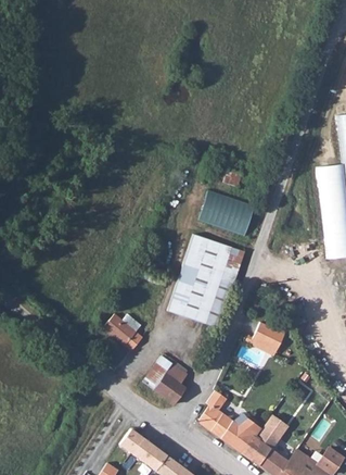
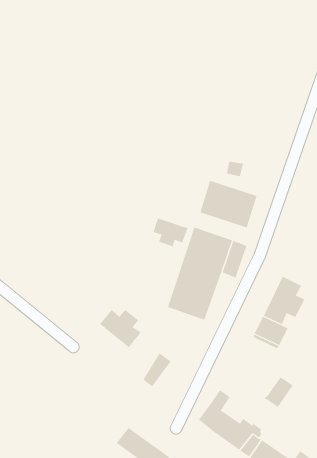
building: none -> [153,218,188,247]
building: none -> [263,276,305,325]
building: [155,364,188,403] -> none
building: [258,417,287,448] -> [264,377,294,408]

